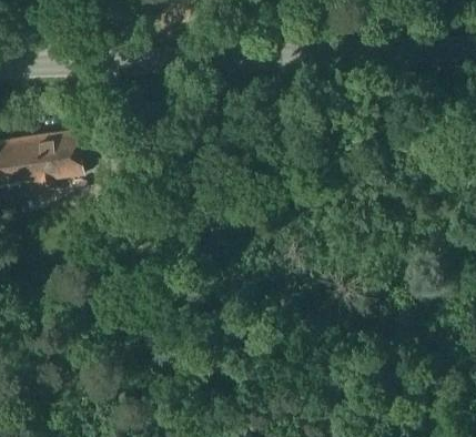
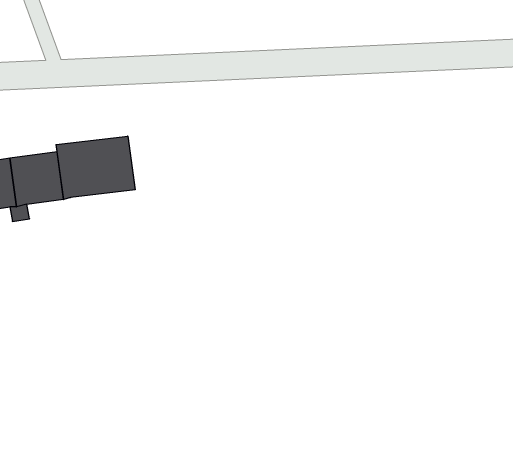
building: none -> [56,136,135,200]

